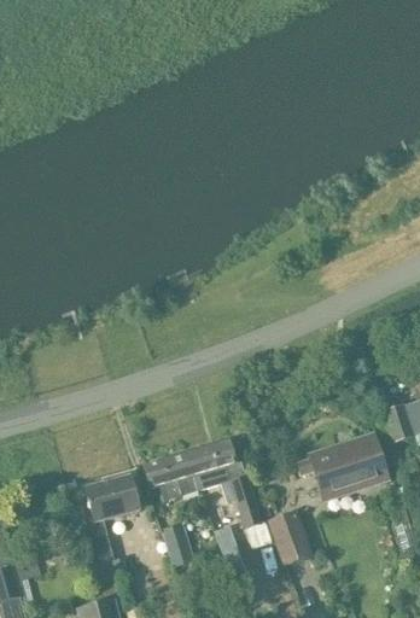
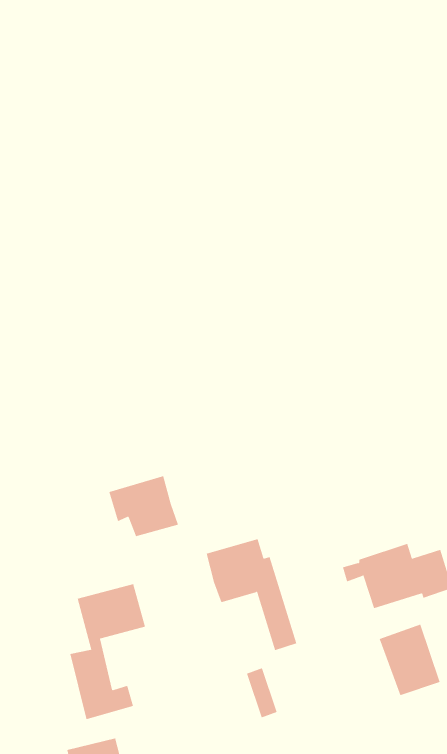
building: [142,450,199,500] -> [109,475,179,537]
building: [263,509,313,567] -> [379,624,440,696]
building: [162,525,193,567] -> none

